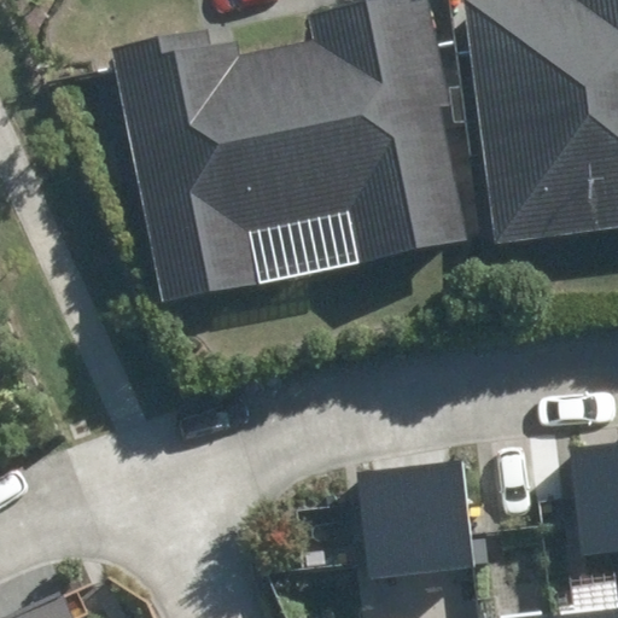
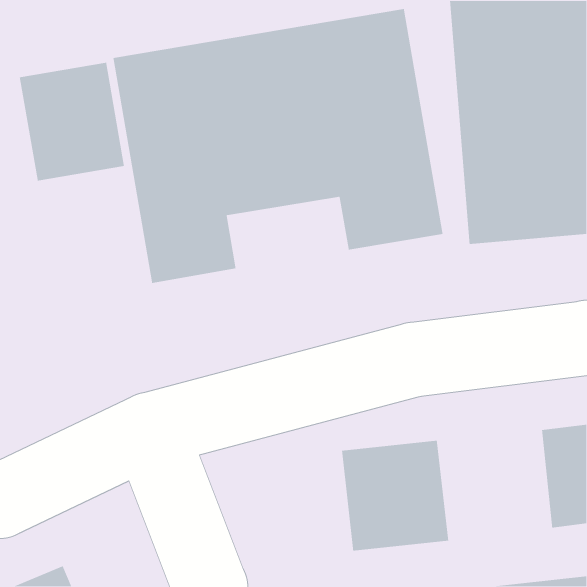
building: none -> [19,62,125,181]

